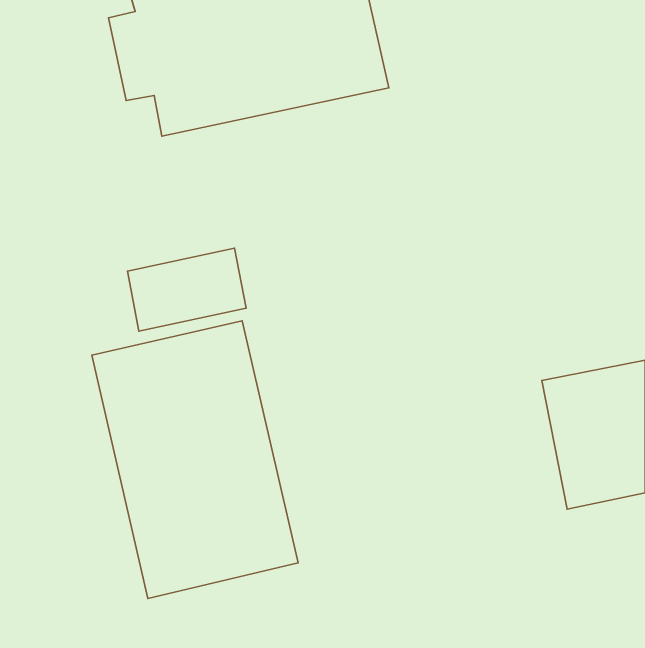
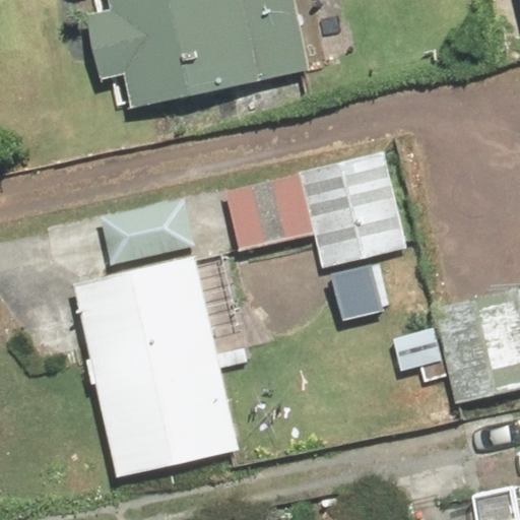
building: none -> [223,149,407,265]

